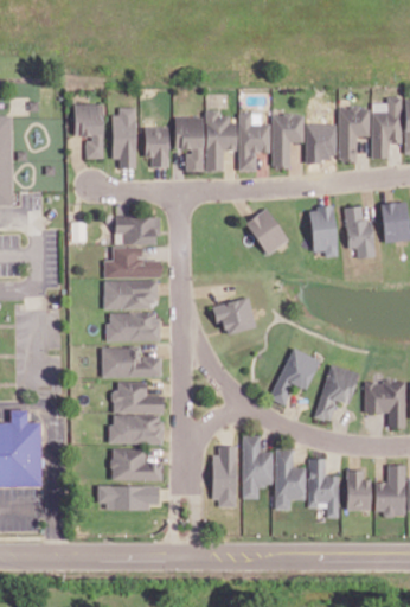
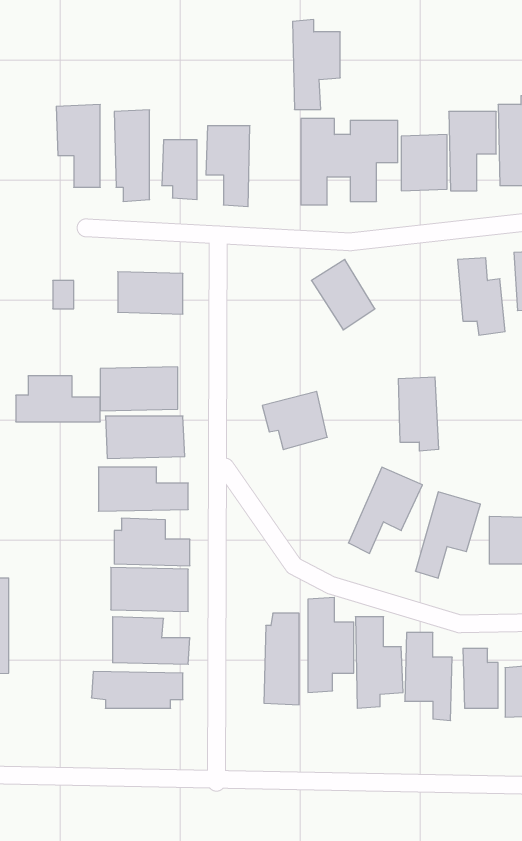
building: [205,110,237,171] -> [293,20,340,109]
building: [310,207,338,257] -> [398,377,439,451]
building: [104,247,161,277] -> [16,376,100,422]

